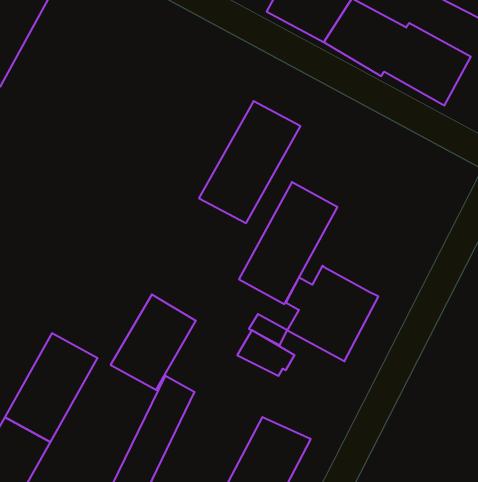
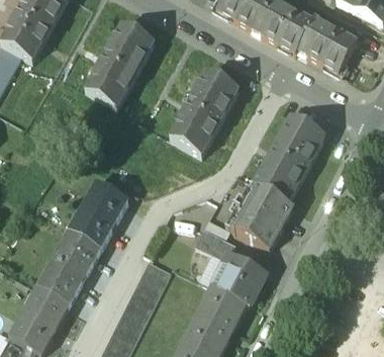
building: none -> [86,22,155,106]
building: [239,182,337,304] -> [256,117,323,201]
building: [111,294,196,390] -> [69,181,127,247]
building: none -> [213,254,266,304]

